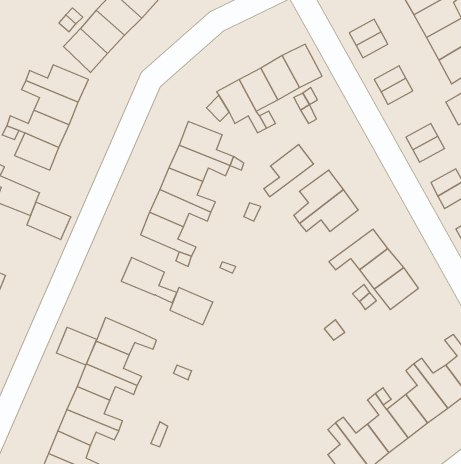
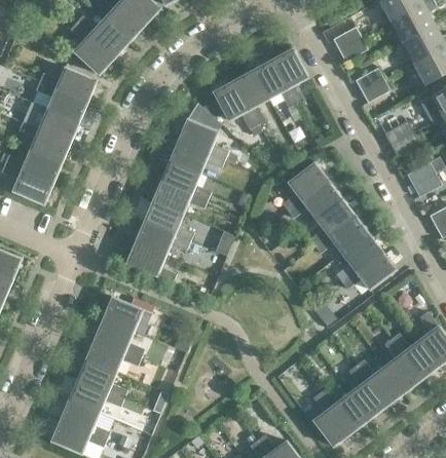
building: [264,145,314,197] -> [309,198,355,245]
building: [27,202,71,240] -> [22,149,62,183]
building: [170,287,213,325] -> [136,221,175,255]
building: [56,327,96,365] -> none

